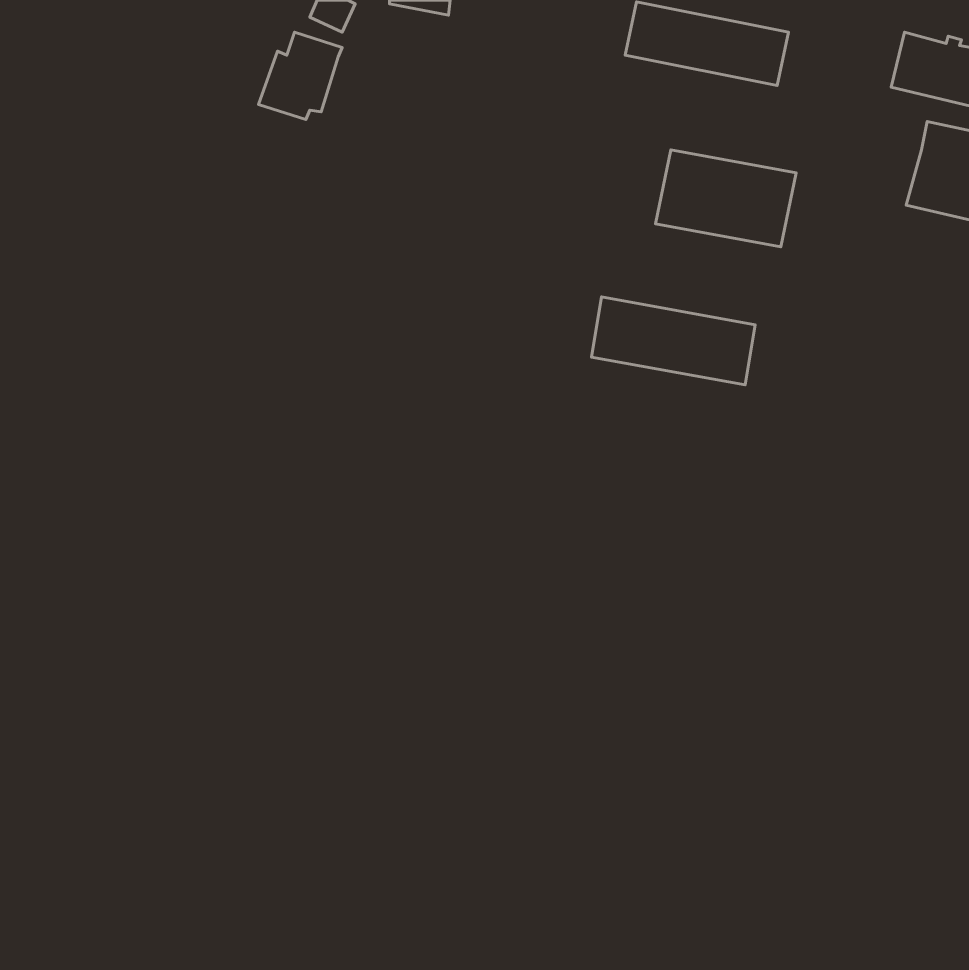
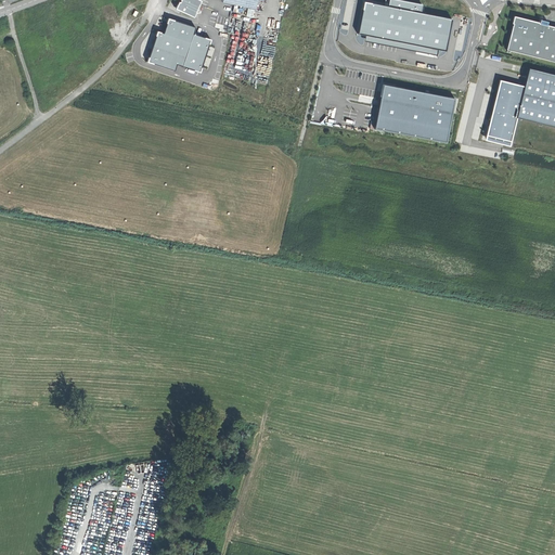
building: none -> [184,33,211,69]
building: none -> [487,79,527,141]
building: [591,297,755,385] -> none

